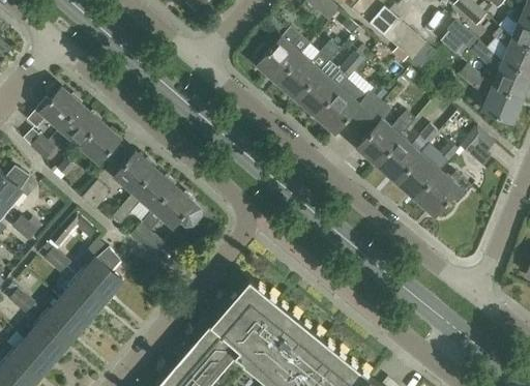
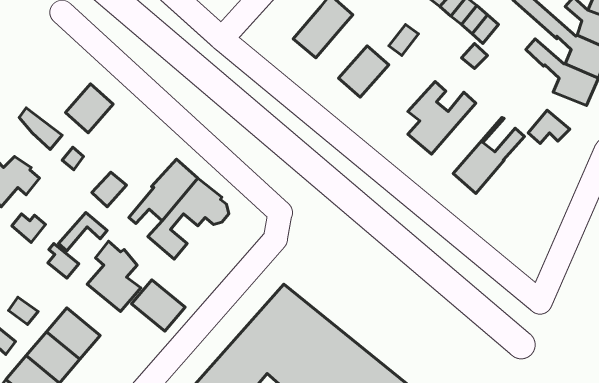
building: [276,40,340,98] -> none
building: [26,87,81,129] -> none
building: [315,87,380,132] -> none
building: [79,121,120,162] -> none
building: [377,126,438,181] -> none
building: [114,151,155,192] -> none
building: [415,170,471,215] -> none
building: [60,277,107,322] -> [132,280,185,331]

